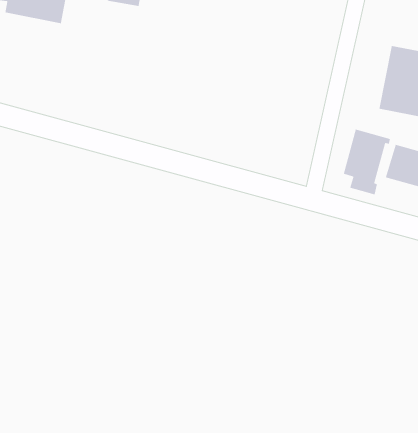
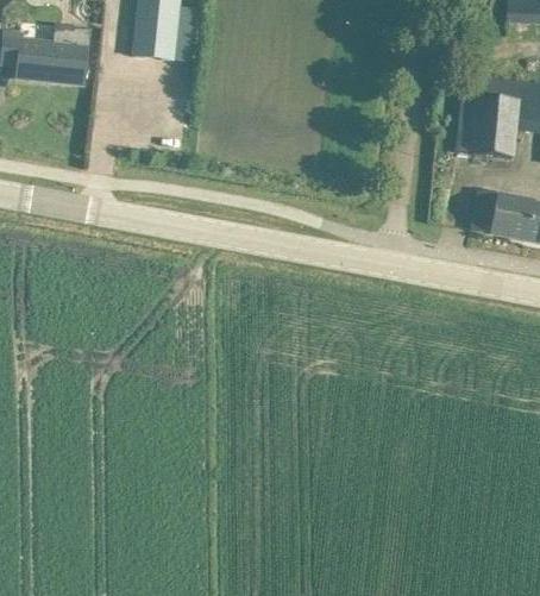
building: [343,129,391,195] -> none

